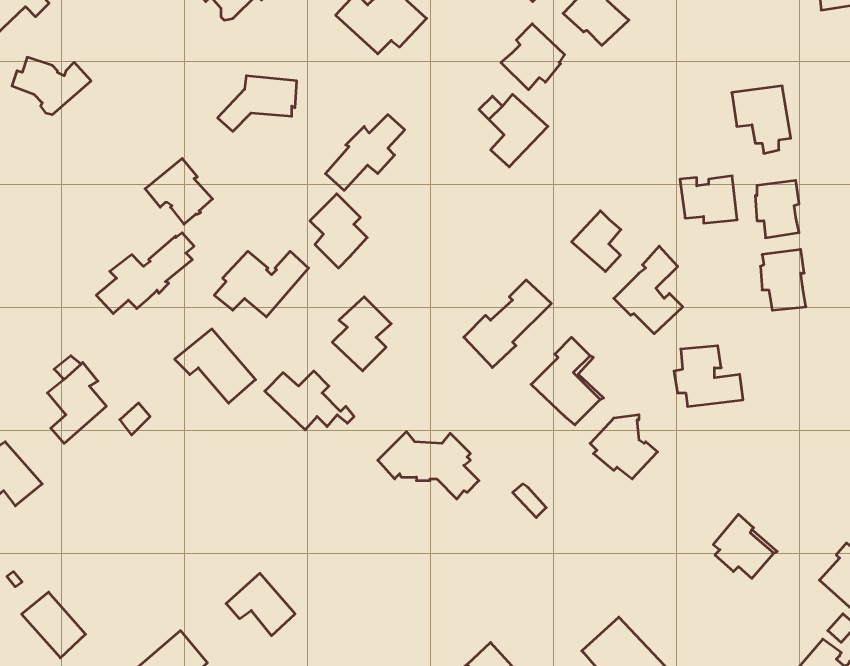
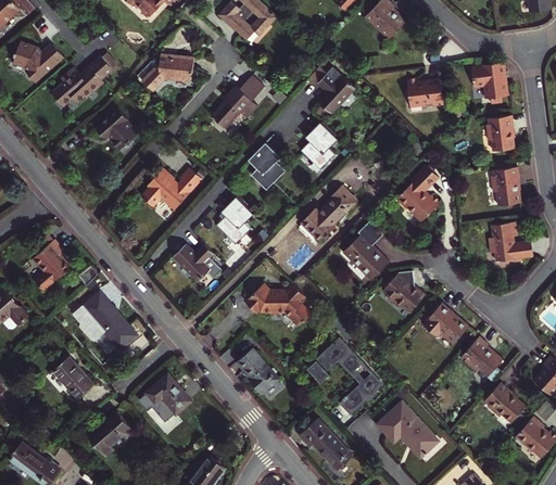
building: [501,24,565,90] -> none
building: [680,176,737,223] -> [407,77,444,107]
building: none -> [300,122,337,169]
building: [310,194,367,268] -> [247,142,283,190]
building: [572,211,621,272] -> none
building: [96,233,194,314] -> [51,53,114,105]
building: [175,329,256,403] -> [76,292,128,340]
building: [674,346,743,406] -> [488,222,532,261]
building: none -> [420,304,467,345]
building: none -> [306,340,380,413]
building: none -> [236,349,277,394]
building: none -> [481,383,522,422]
building: [22,592,86,658] -> [52,357,93,399]

